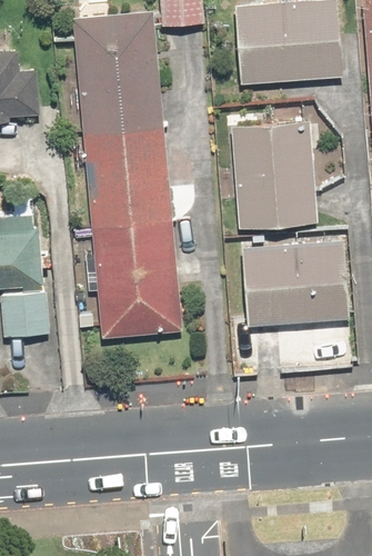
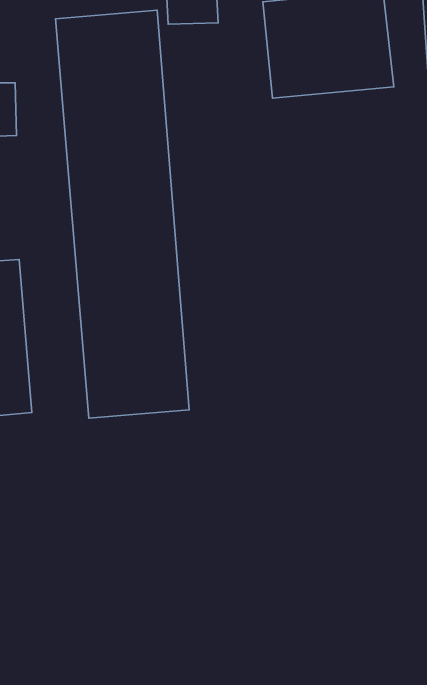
building: [230,118,320,229] -> none
building: [241,237,352,329] -> none

